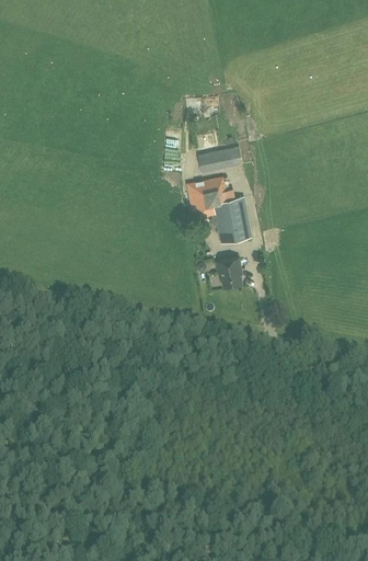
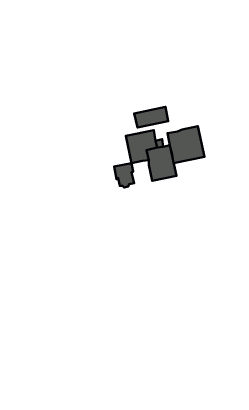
building: none -> [167,126,204,163]
building: [216,257,242,289] -> [114,163,134,187]

